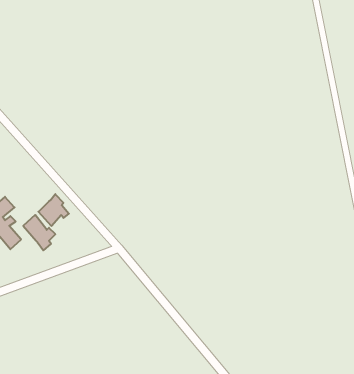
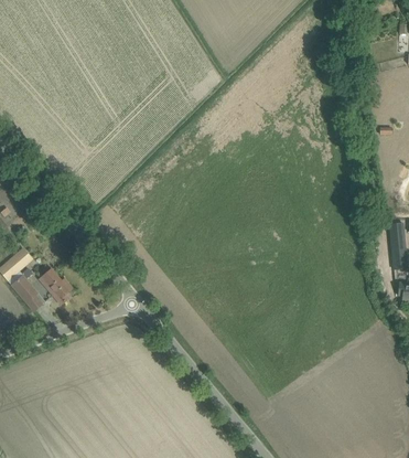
building: [38,194,69,226] -> none

